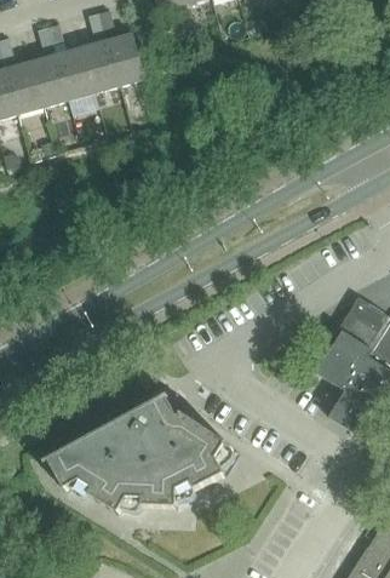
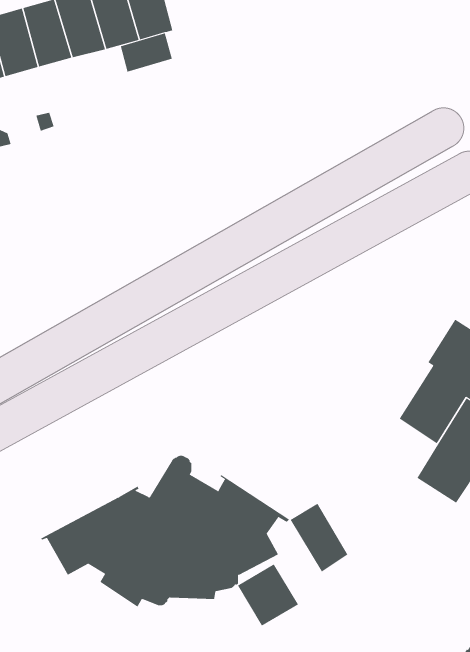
building: none -> [120,33,173,72]
building: none -> [290,503,348,573]
building: none -> [237,563,299,626]

